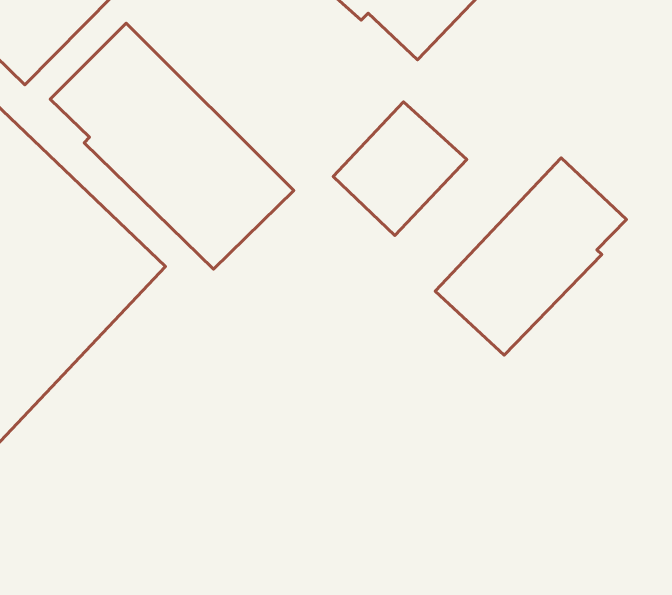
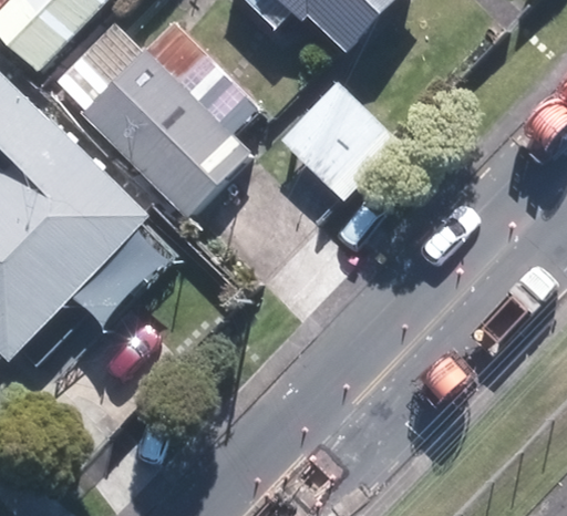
building: [435,158,627,355] -> none

